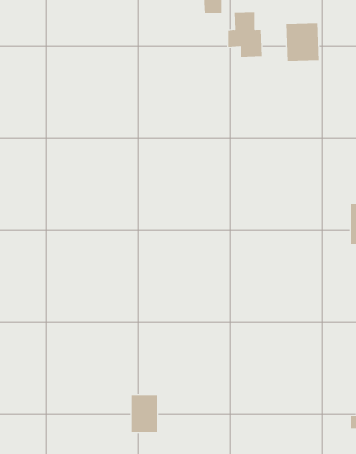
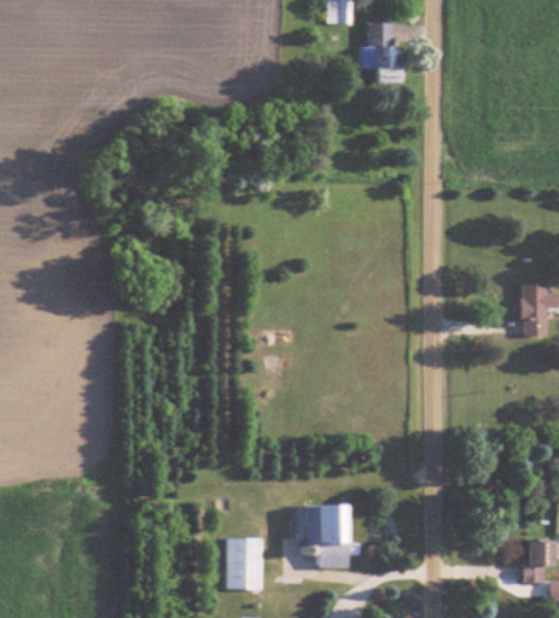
building: [286,23,319,62] -> none
building: none -> [297,505,350,567]

